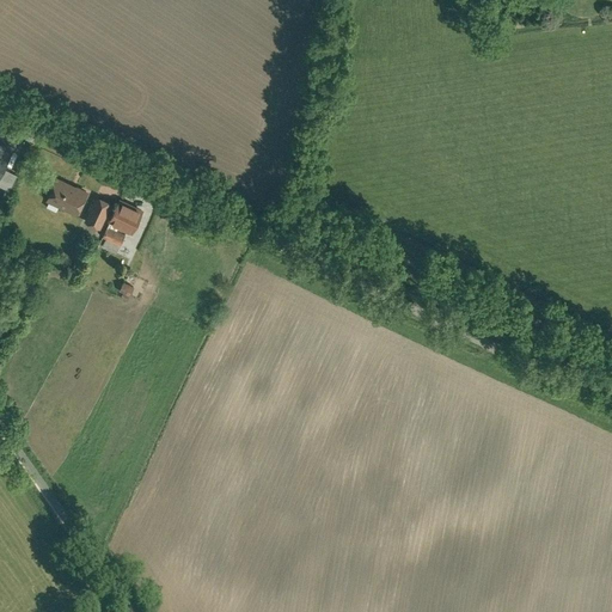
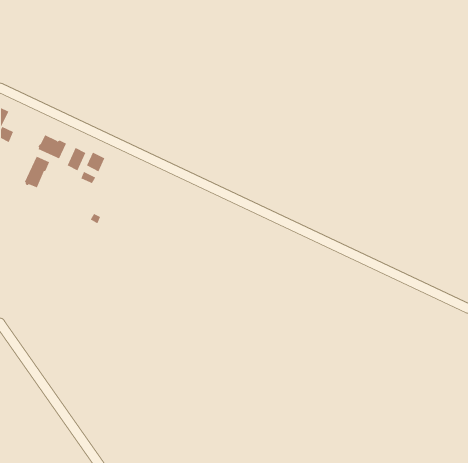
building: none -> [24,156,50,188]

